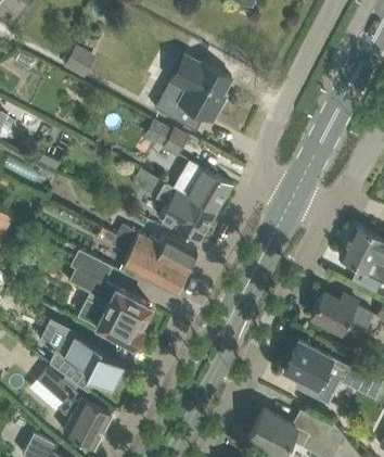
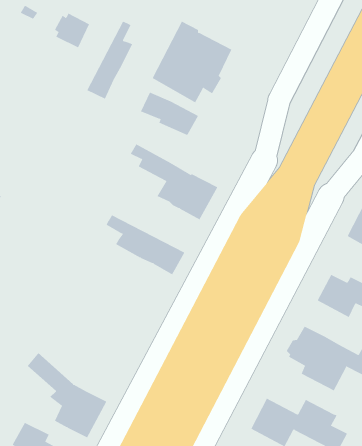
building: none -> [87,21,133,99]
building: [174,161,233,211] -> none
building: [117,225,197,272] -> none
building: [71,250,151,345] -> none
building: [41,322,124,392] -> none

